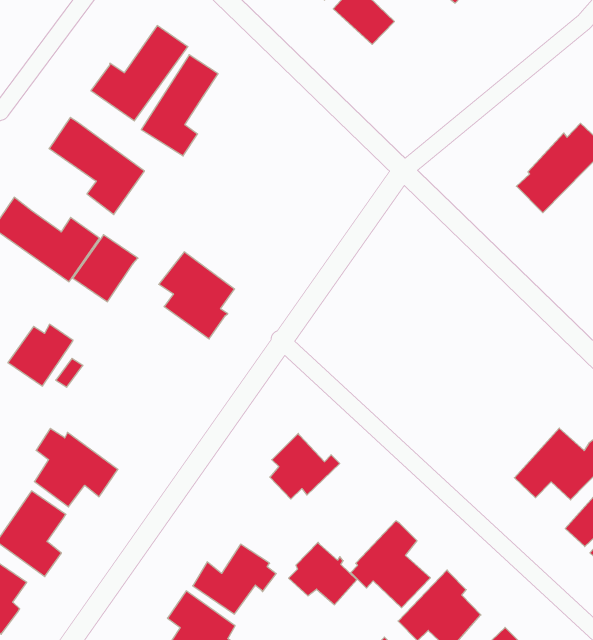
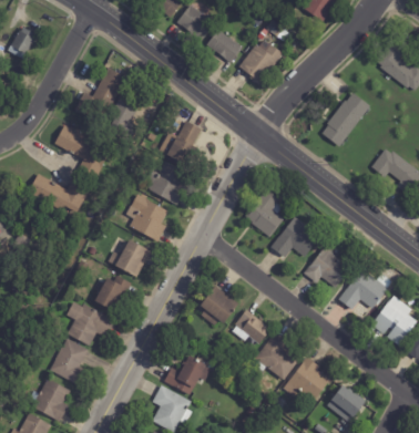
building: none -> [238,45,283,85]
building: none -> [159,120,202,162]
building: none -> [144,159,188,205]
building: [73,235,138,302] -> [115,238,151,276]
building: none -> [245,186,284,236]
building: none -> [270,216,319,257]
building: [8,324,73,386] -> [95,275,131,310]
building: none -> [304,243,350,287]
building: [289,542,357,605] -> [232,309,270,343]

